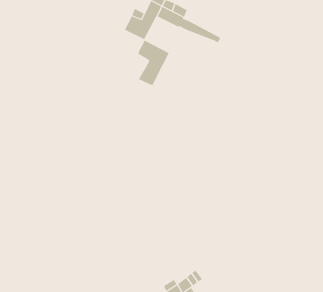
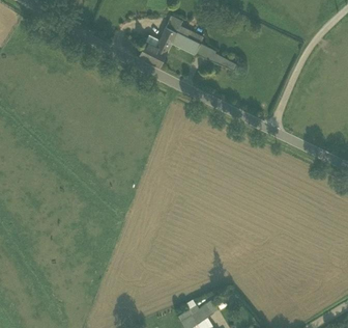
building: [137,40,169,86] -> none

